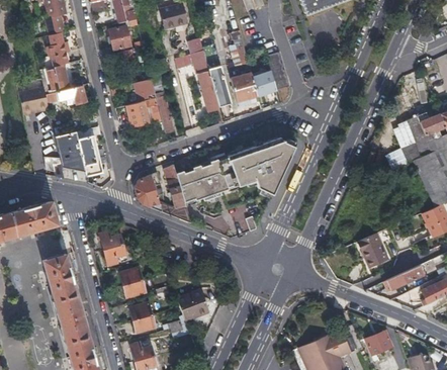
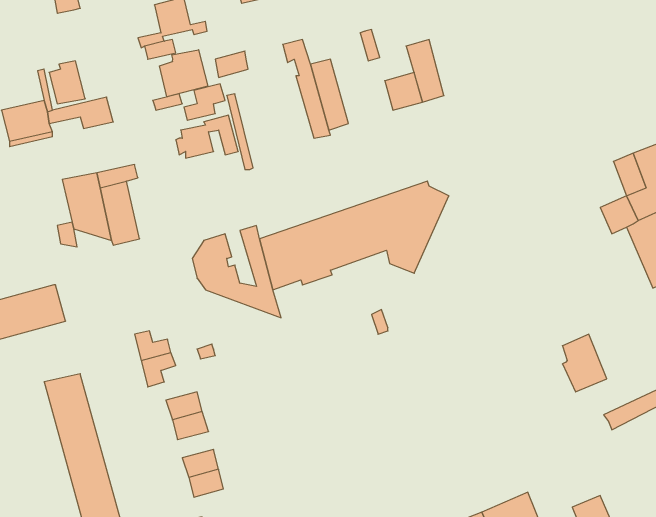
building: [49,32,69,67] -> none
building: none -> [160,50,208,97]
building: [232,71,258,99] -> none
building: [176,288,209,319] -> none

